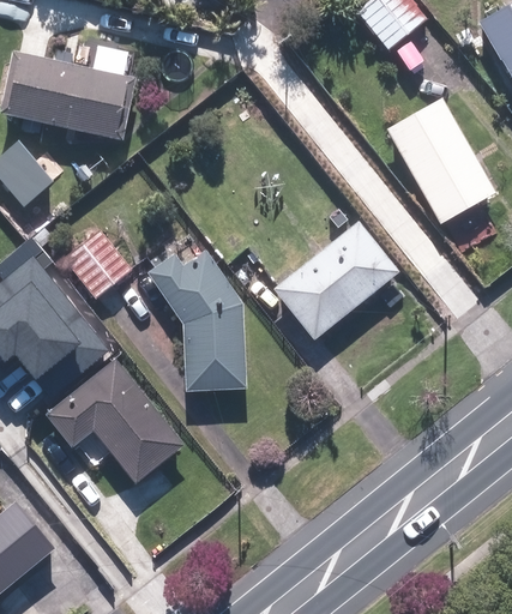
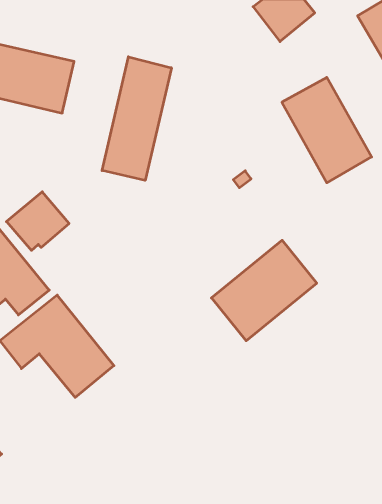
building: none -> [102,57,171,180]
building: [272,218,399,339] -> [211,240,317,341]
building: [147,249,247,391] -> none

